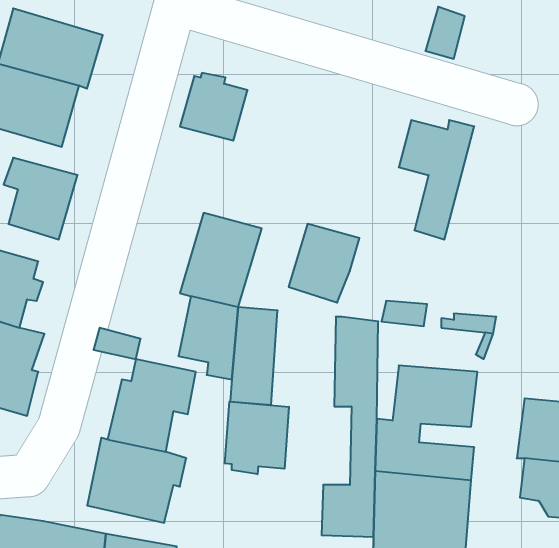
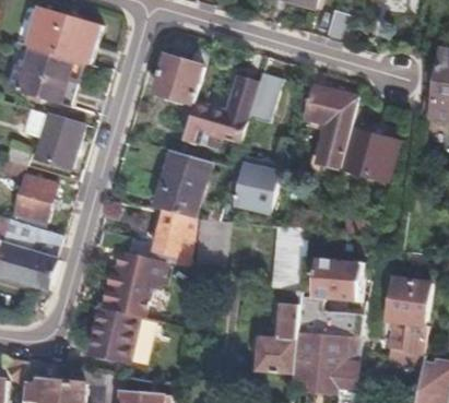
building: none -> [186,72,281,139]
building: none -> [345,121,398,181]
building: [225,402,289,474] -> none

